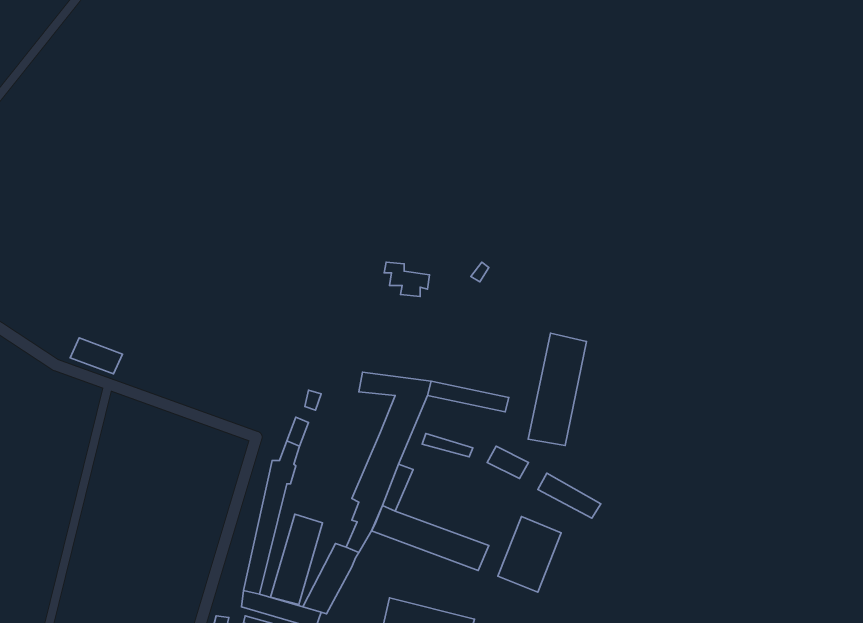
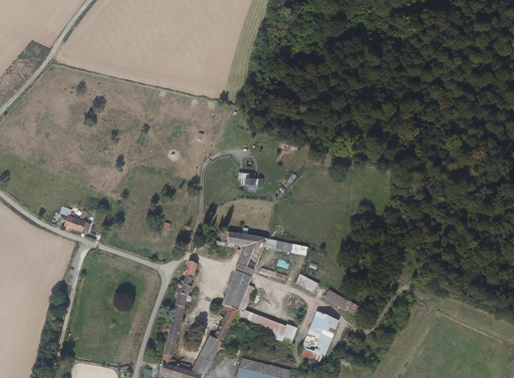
building: [528,333,586,445] -> none
building: [271,514,322,604] -> none

